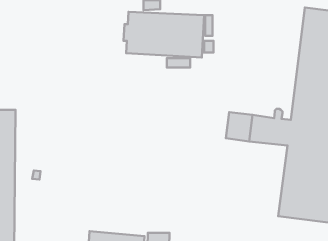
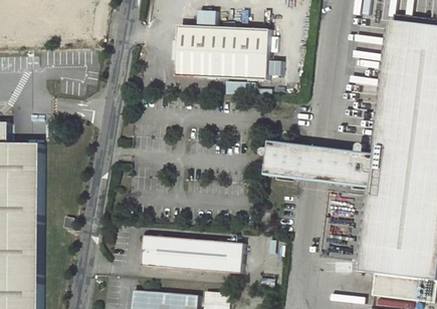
building: none -> [251,141,297,177]
building: none -> [138,235,240,273]

